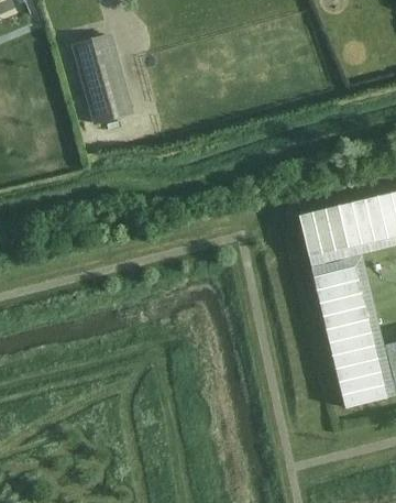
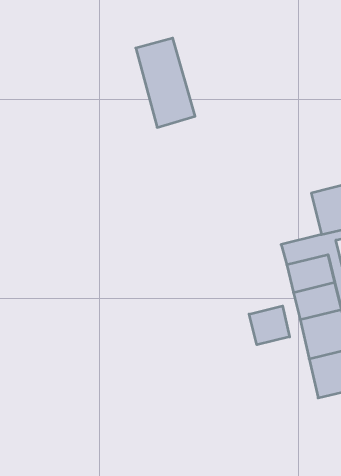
building: [74,35,132,123] -> [136,38,195,127]
building: [299,206,349,256] -> none
building: none -> [249,306,290,345]

